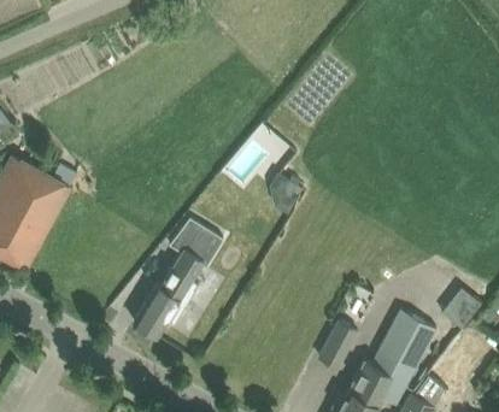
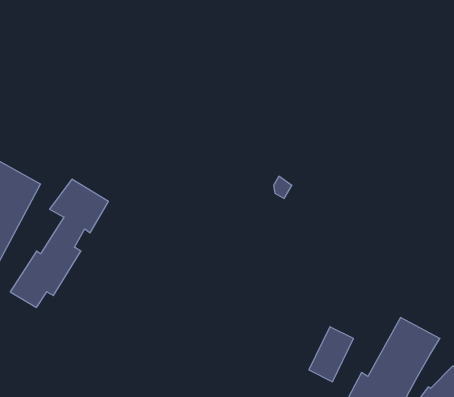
building: [131,219,222,337] -> [10,179,108,307]

